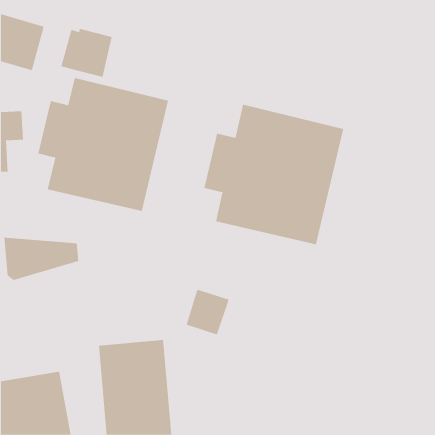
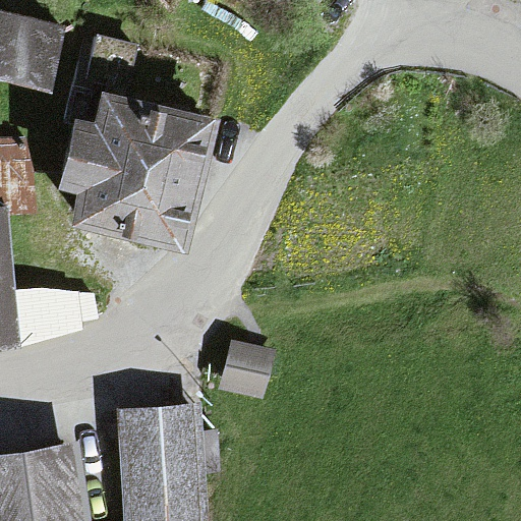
building: [204,104,344,245] -> none

